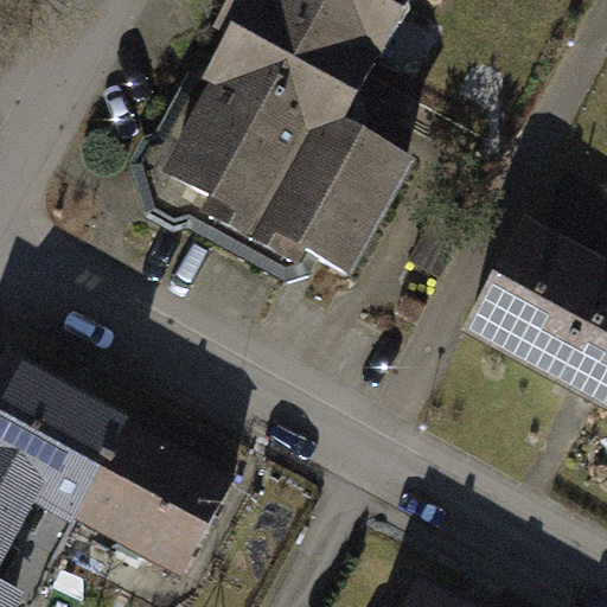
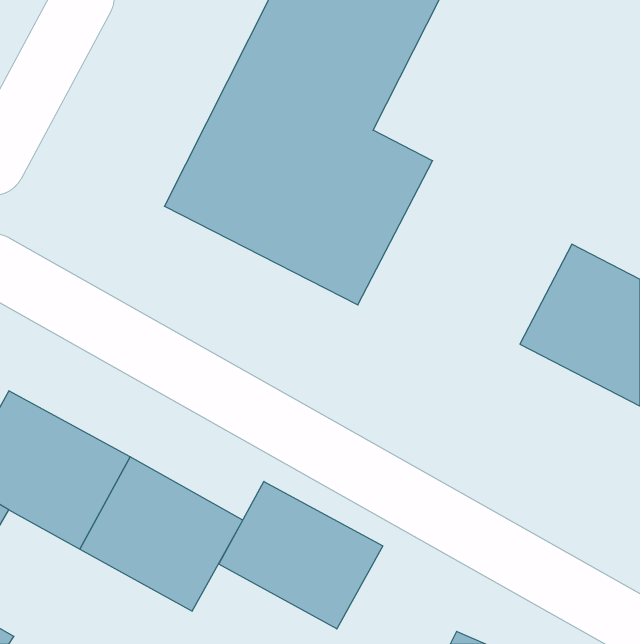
building: none -> [219,481,383,629]

